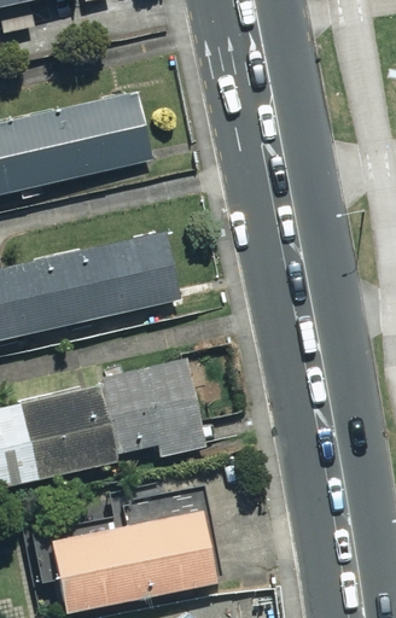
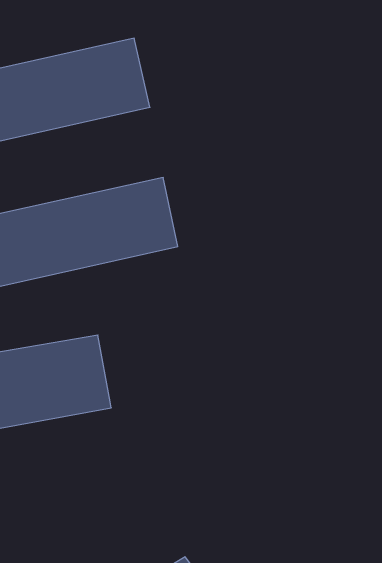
building: [97,357,205,455] -> none
building: [50,515,215,611] -> none

